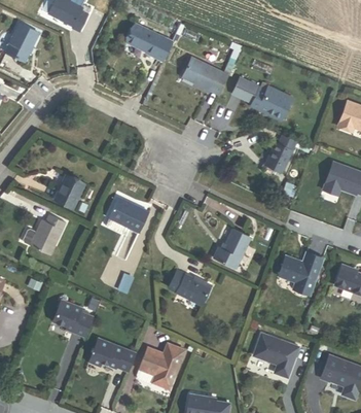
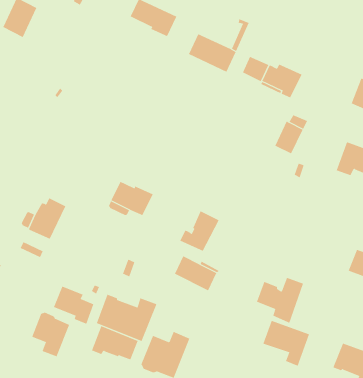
building: [55,175,83,208] -> none
building: [213,229,251,268] -> [180,211,219,252]
building: [278,250,323,295] -> [256,277,304,323]
building: none -> [96,294,157,342]
building: none -> [31,312,70,357]

